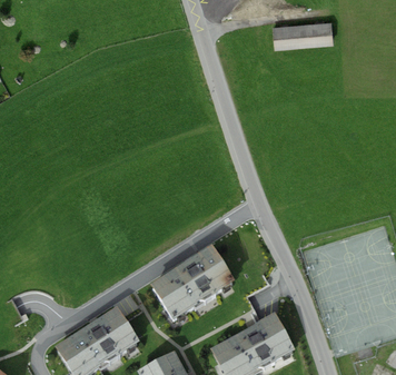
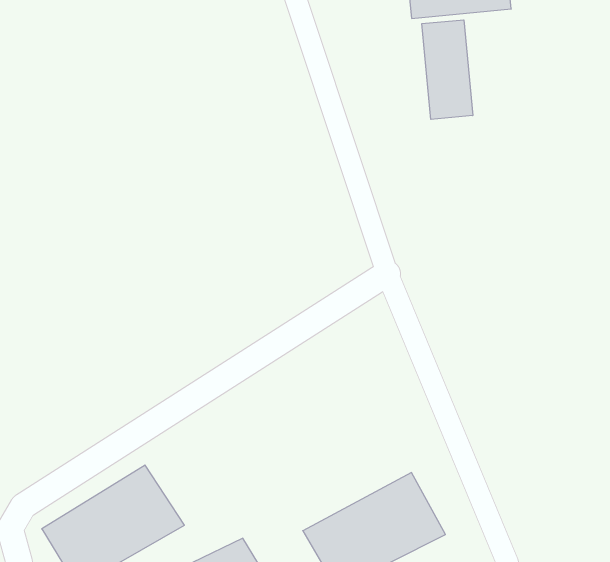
building: none -> [422,20,473,119]
building: [150,255,234,328] -> none

